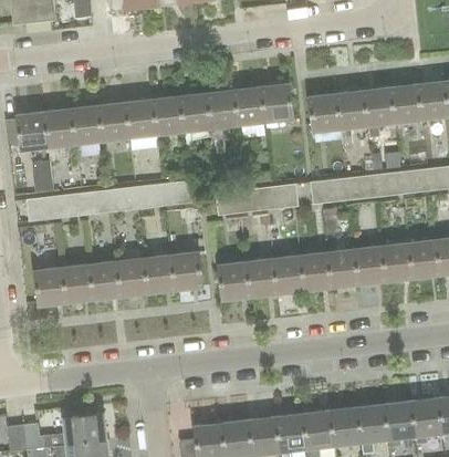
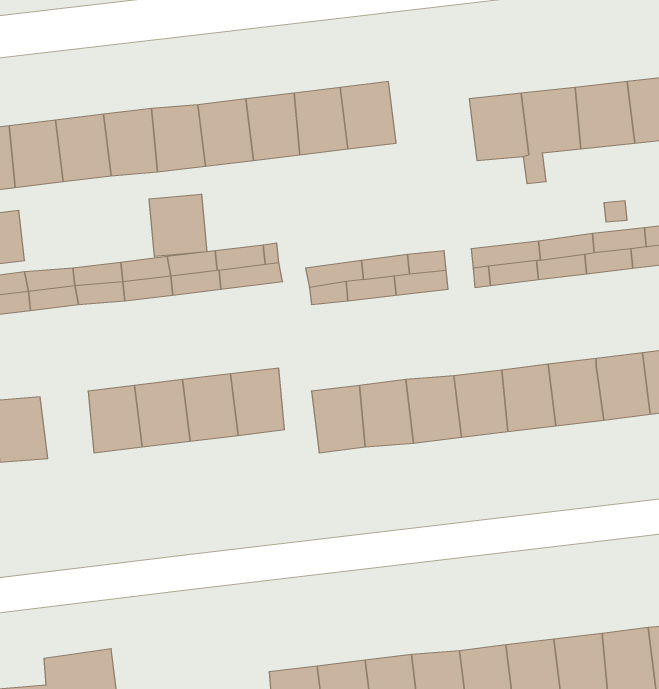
building: [262,83,293,122] -> none
building: none -> [149,194,207,257]
building: [62,264,93,303] -> none

